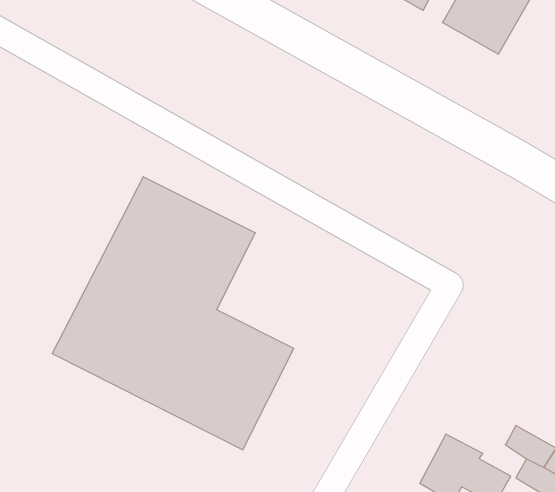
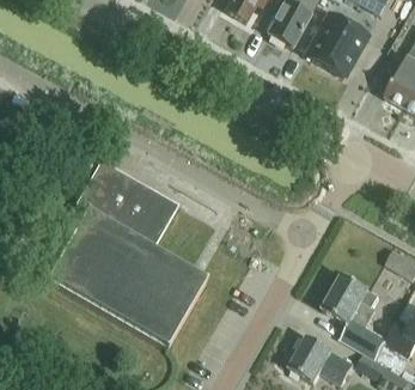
building: none -> [322,273,374,329]

